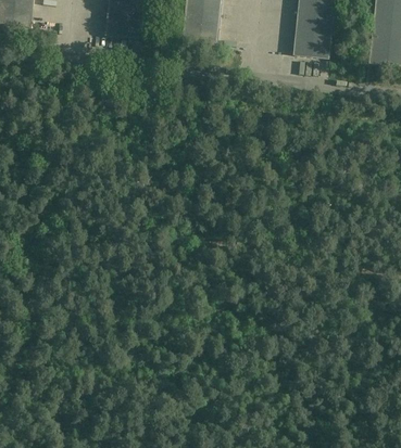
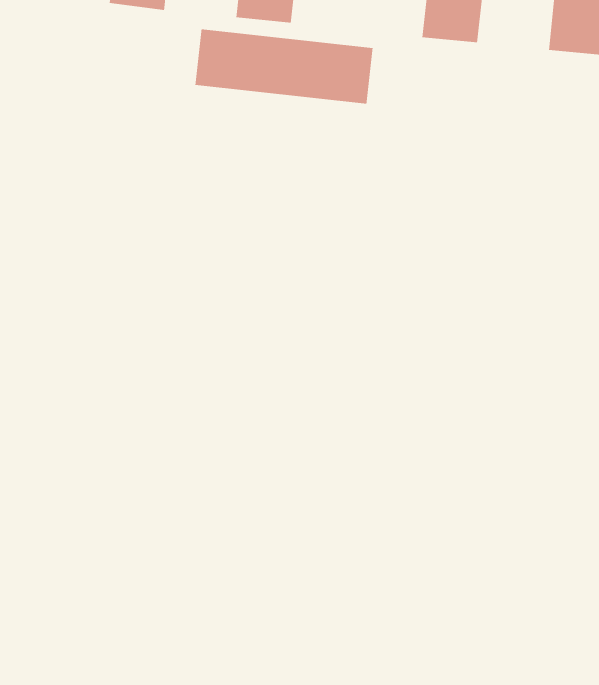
building: none -> [195,28,373,105]

